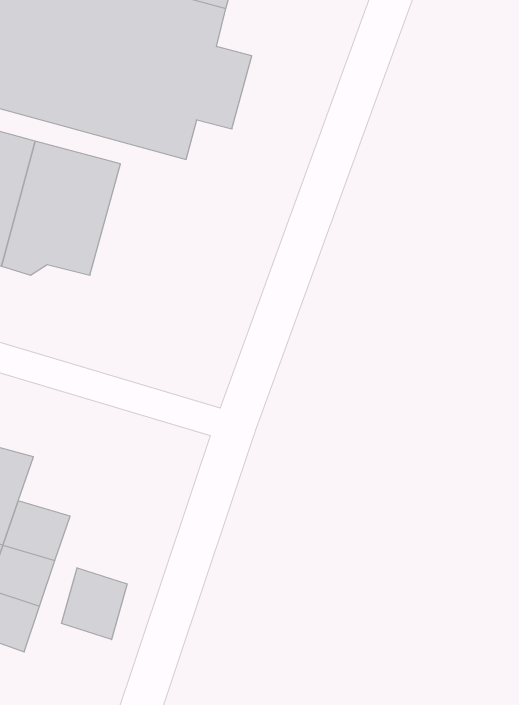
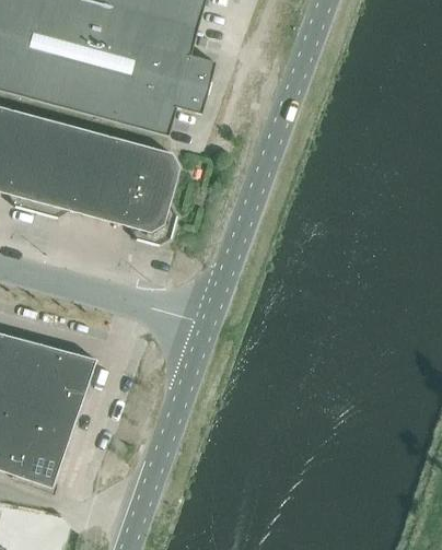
building: none -> [98,138,178,245]
building: none -> [47,348,95,390]
building: [61,568,127,640] -> none

